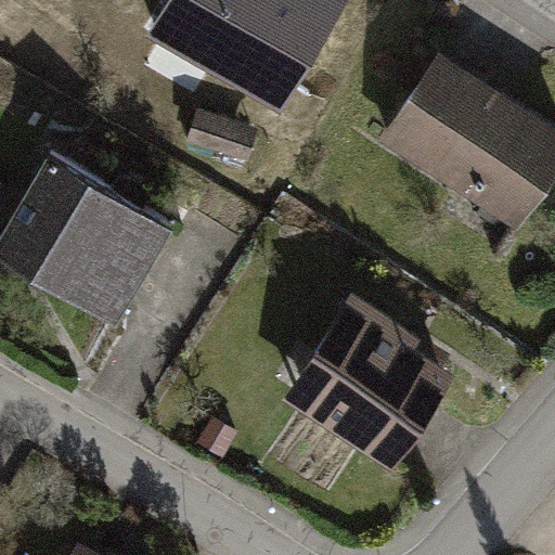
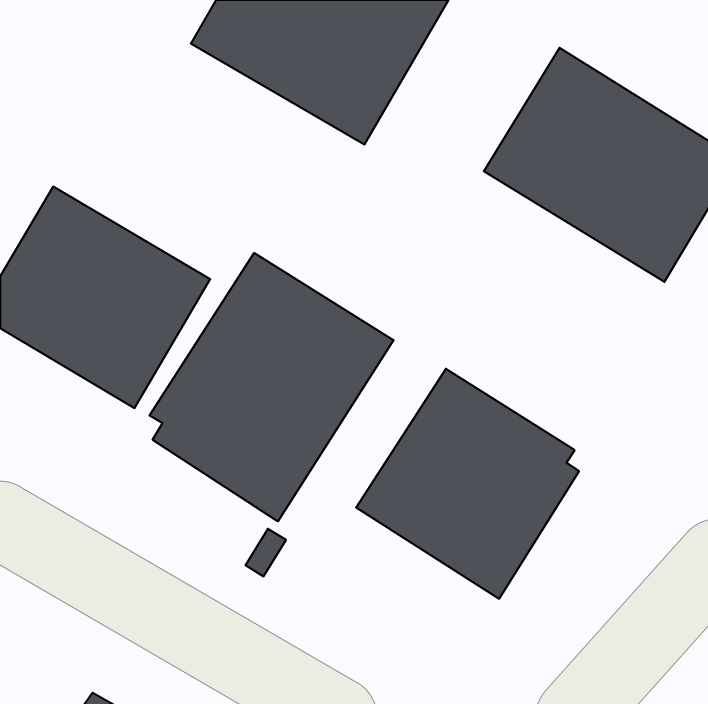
building: none -> [150,253,394,521]

